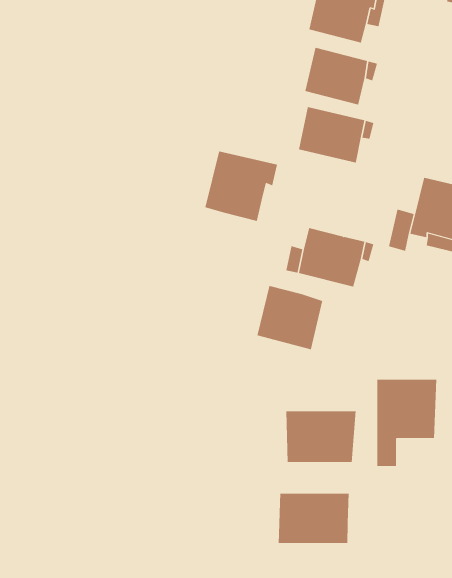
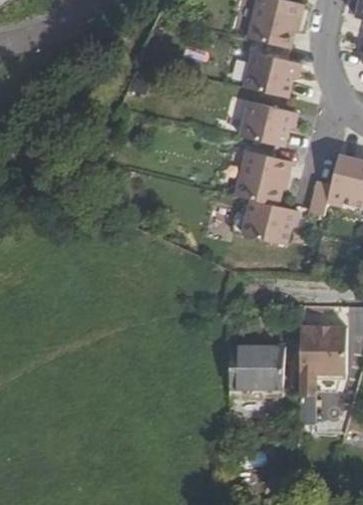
building: [204,151,278,221] -> [234,147,292,203]
building: [257,285,323,350] -> none
building: [278,493,349,544] -> none

